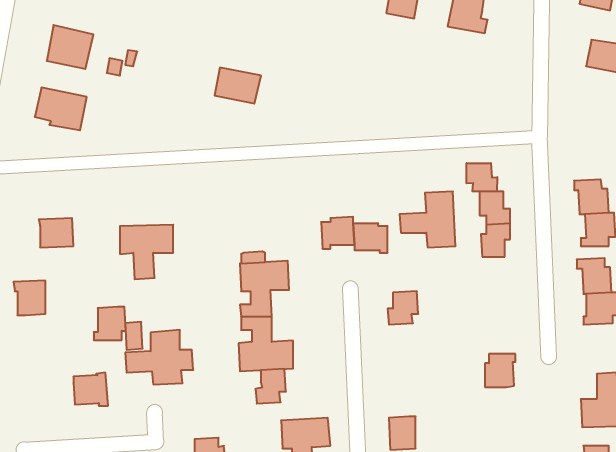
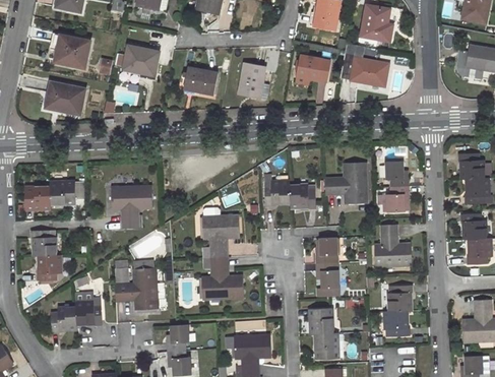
building: none -> [123,45,160,72]
building: none -> [297,55,329,81]
building: none -> [350,58,387,86]
building: none -> [239,64,268,99]
building: [467,163,497,191] -> none
building: none -> [24,188,50,209]
building: none -> [374,225,412,266]
building: [94,307,126,340] -> [36,255,60,280]
building: none -> [316,262,339,296]
building: [255,369,286,404] -> [167,324,190,351]
building: none -> [51,308,77,333]
building: none -> [310,308,331,334]
building: none -> [385,311,409,336]

